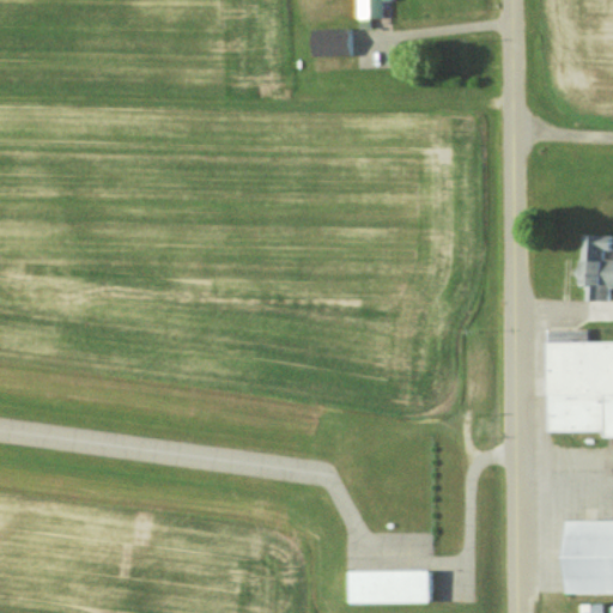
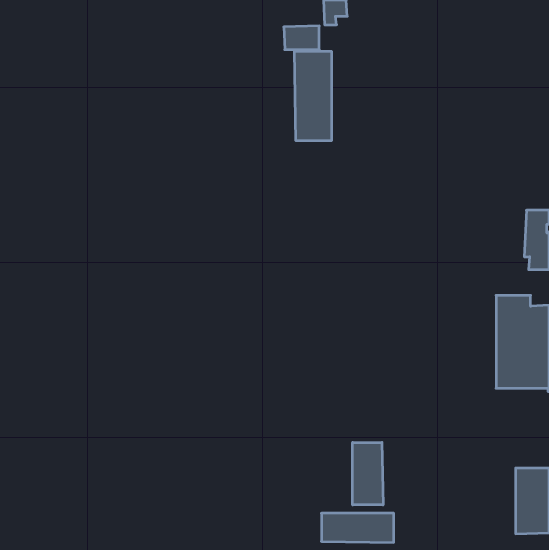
building: none -> [295,51,331,141]
building: none -> [353,442,383,505]

